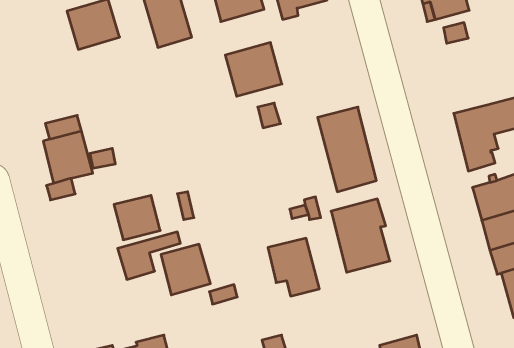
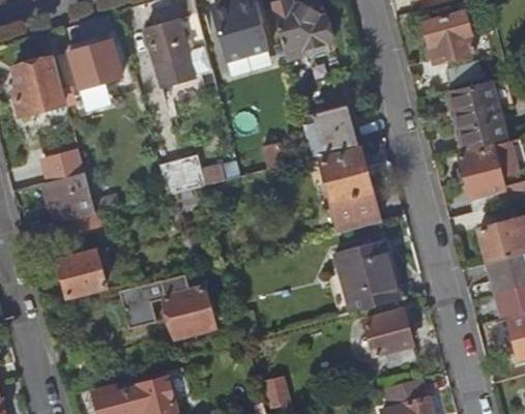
building: none -> [14,58,65,116]
building: none -> [453,82,507,150]
building: [225,43,282,96] -> [301,104,358,157]
building: none -> [161,155,206,195]
building: [114,195,160,240] -> [58,250,105,295]
building: [268,238,319,296] -> [364,309,416,367]

